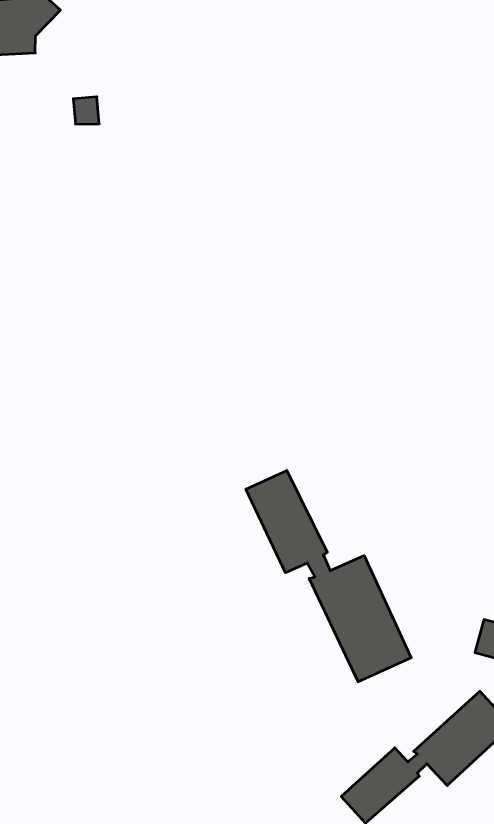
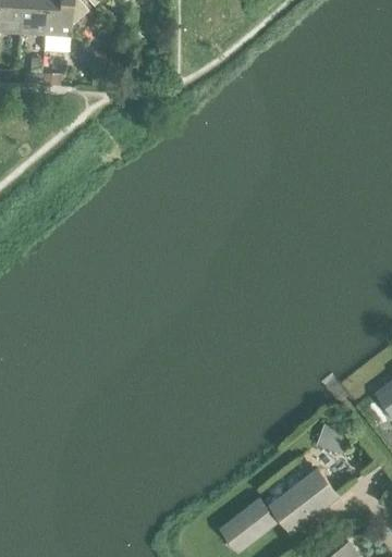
building: [246,470,411,682] -> none

